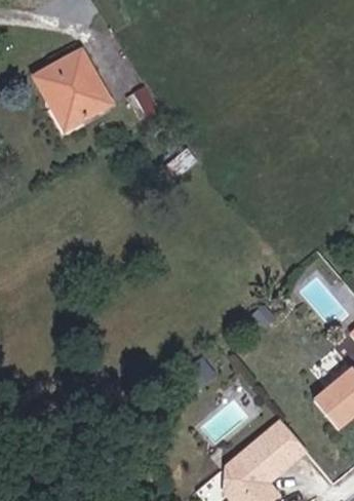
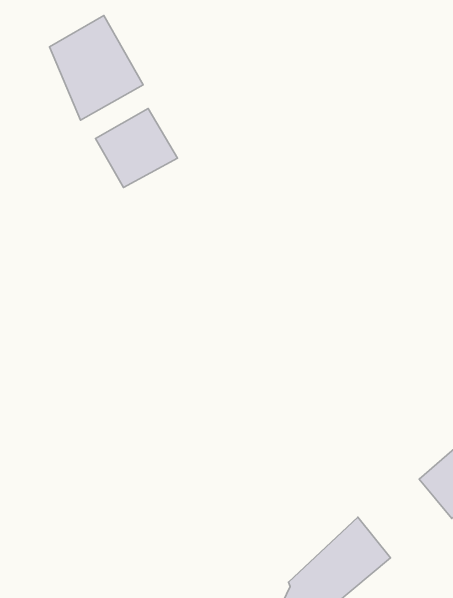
building: none -> [95,108,178,188]

